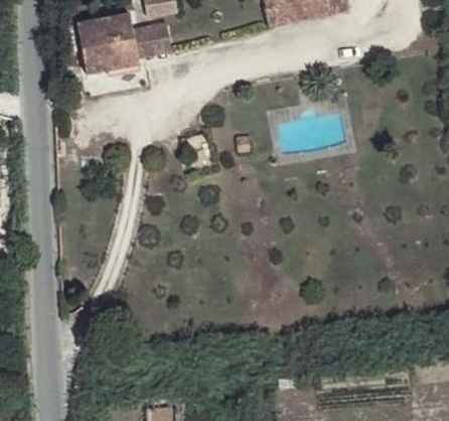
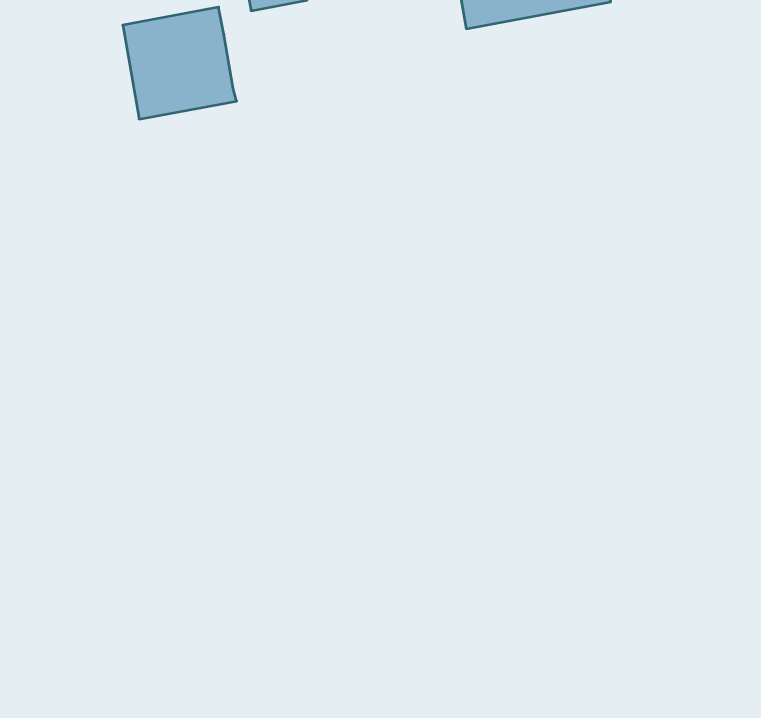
building: [130,21,169,57] -> none

